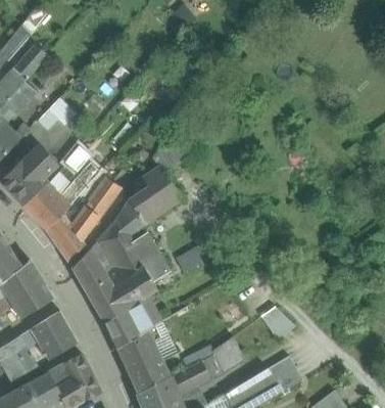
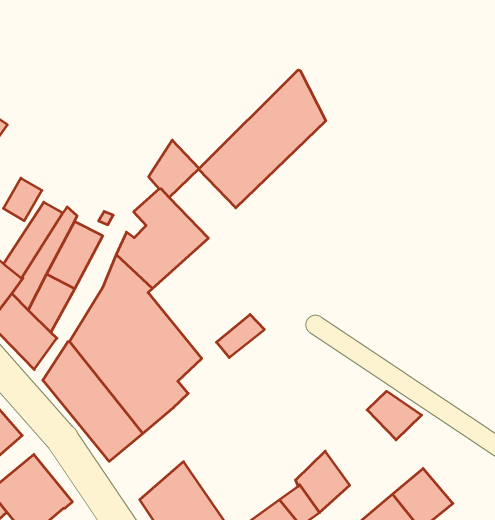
building: none -> [199,70,326,208]
building: [103,297,160,348] -> none

